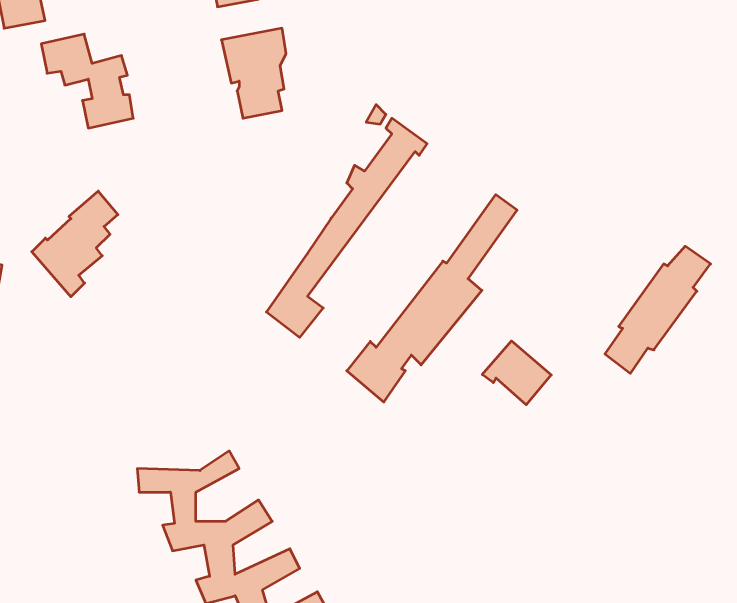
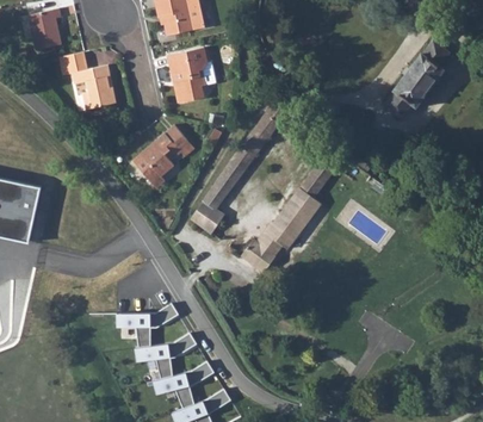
building: [32,191,118,297] -> [134,124,186,188]
building: [605,246,711,373] -> [388,41,452,118]
building: [482,341,551,405] -> none

